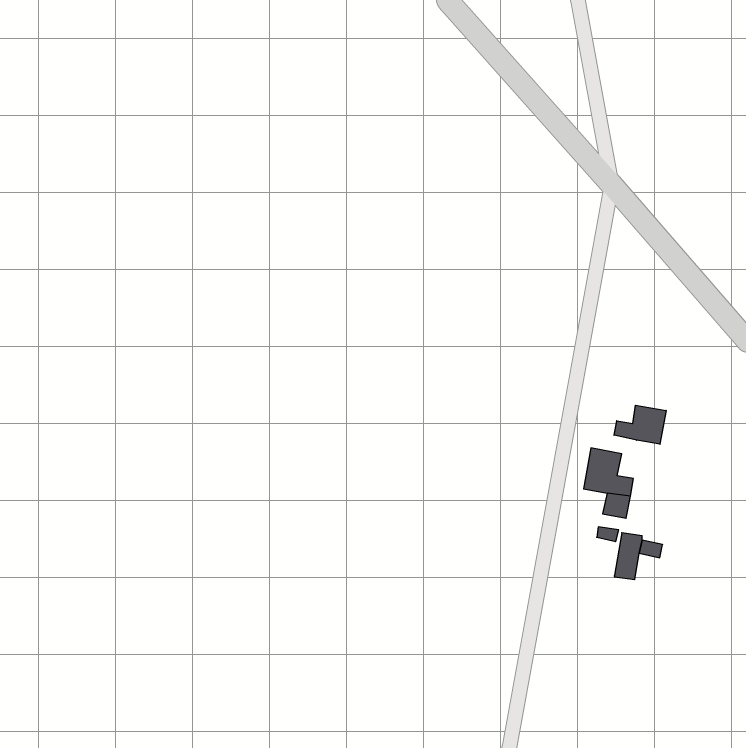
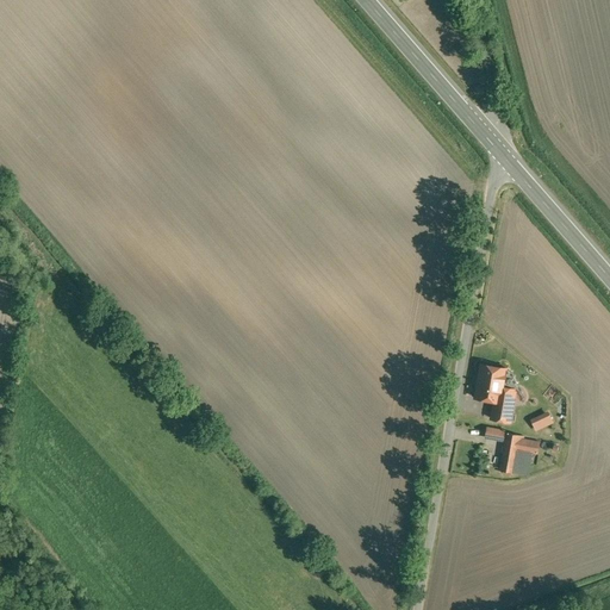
building: [614,405,666,444] -> none

